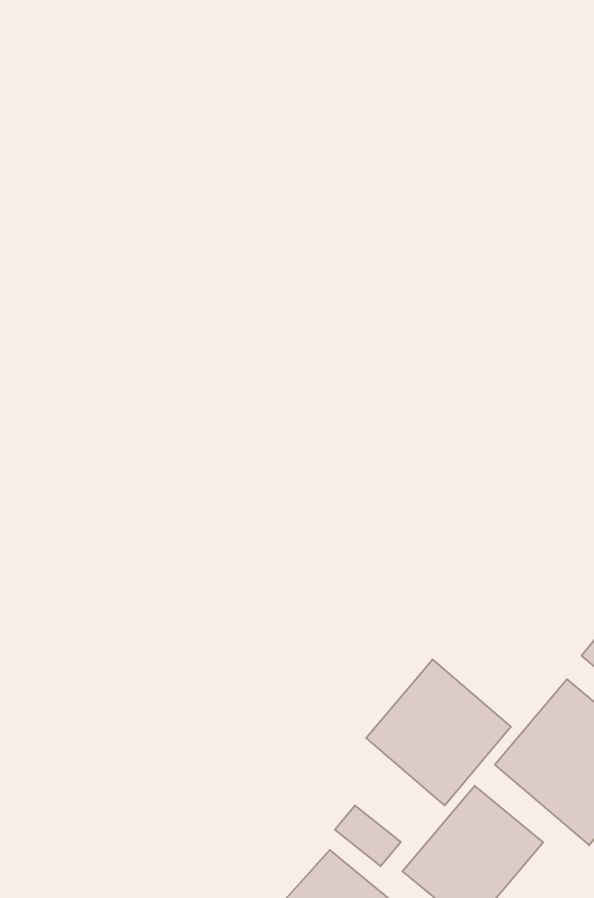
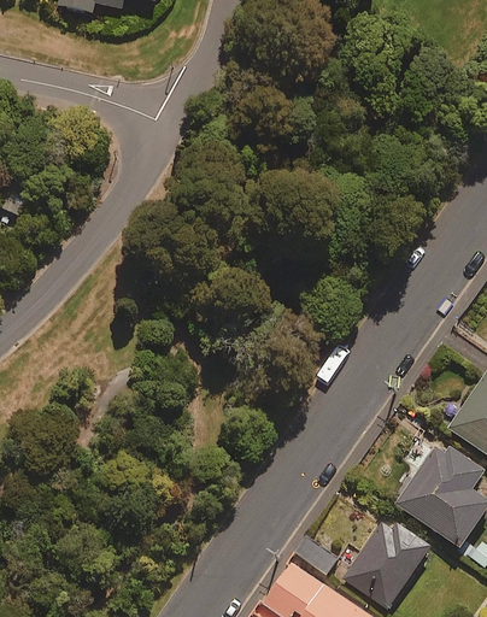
building: [366,659,511,805] -> none

